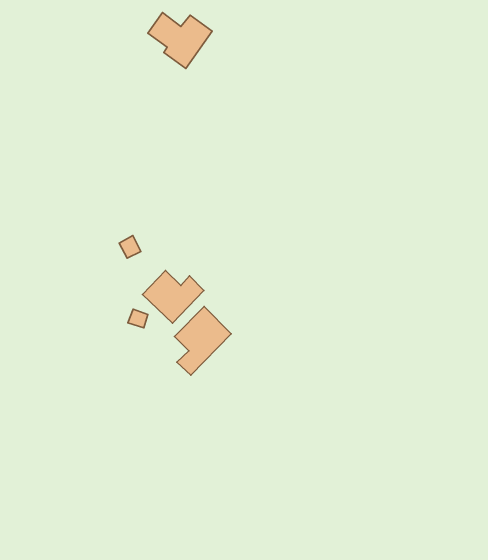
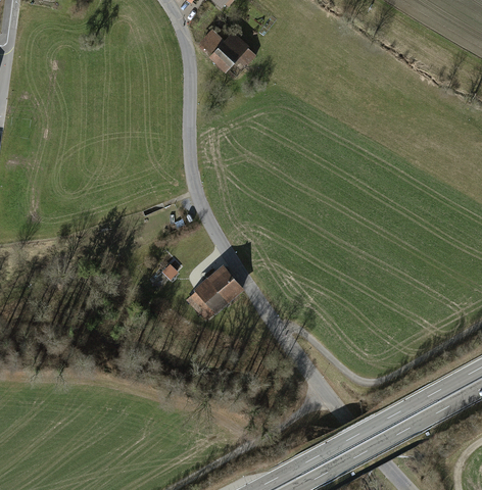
building: [143,271,204,323] -> none

